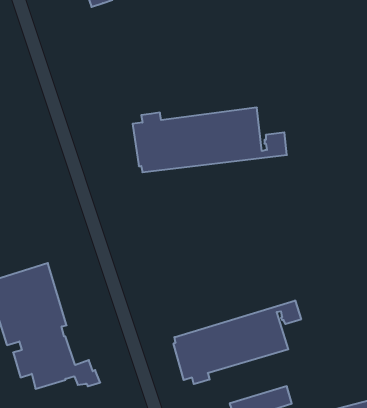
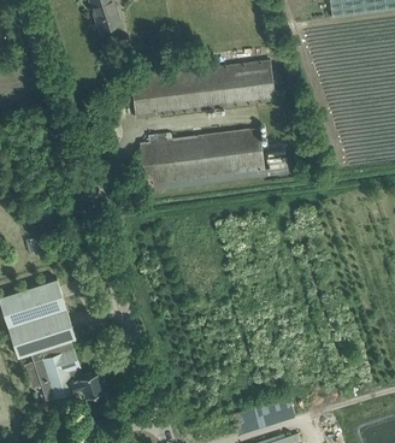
building: none -> [130,60,279,118]
building: [174,300,301,384] -> none

